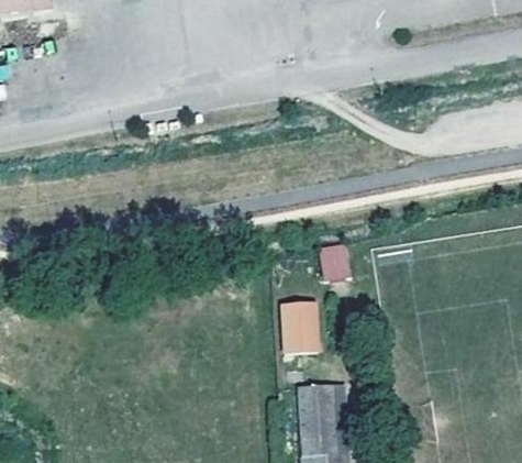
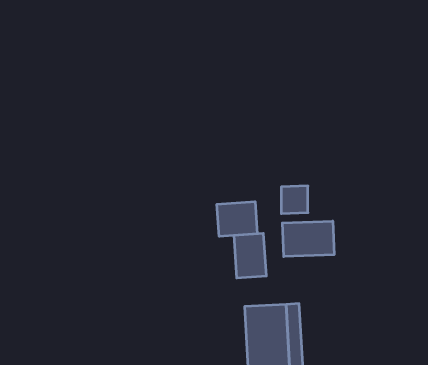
building: none -> [217,202,257,236]
building: none -> [282,221,334,257]

